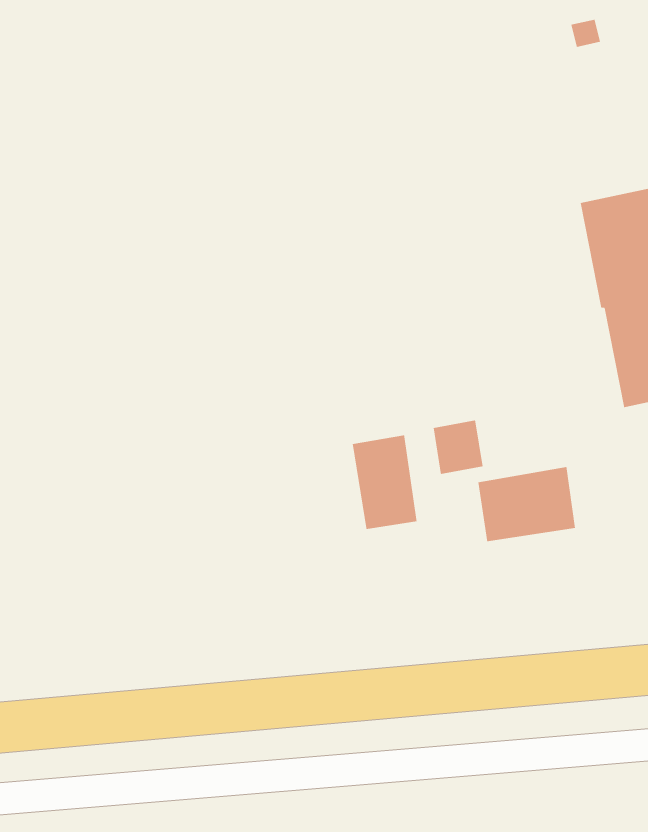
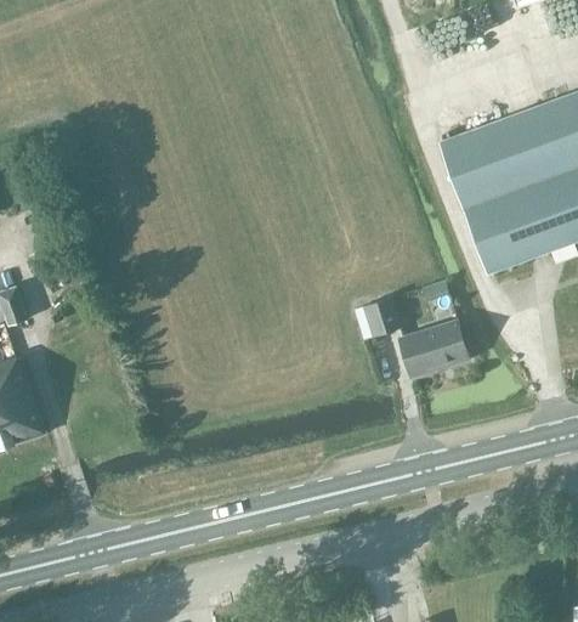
building: [352,434,417,530] -> none

